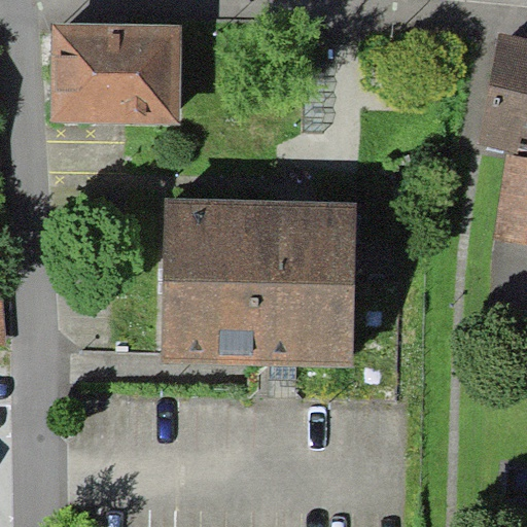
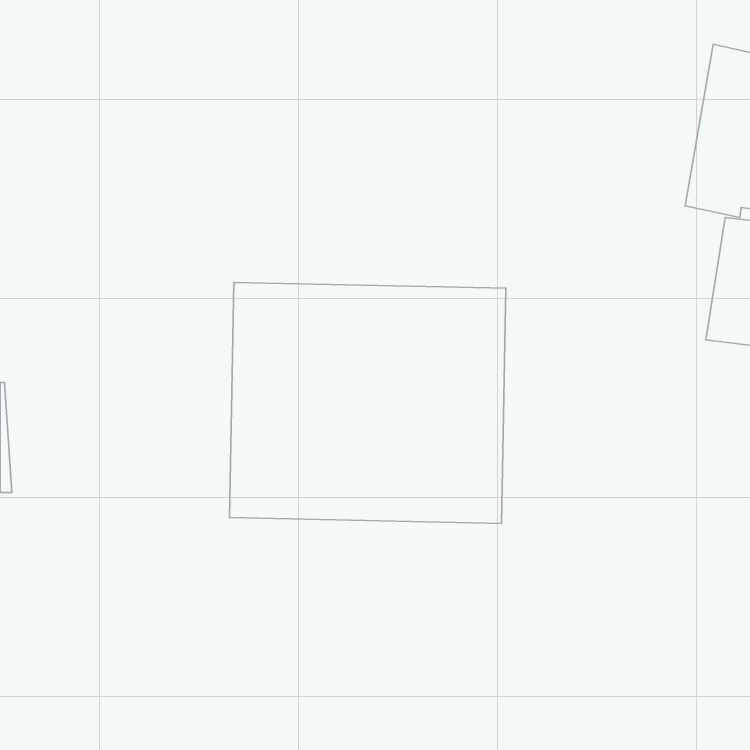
building: [52,23,183,121] -> none

